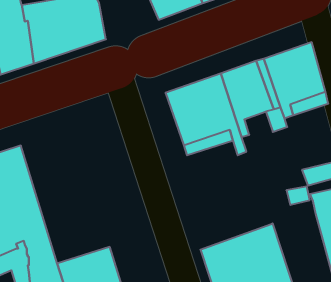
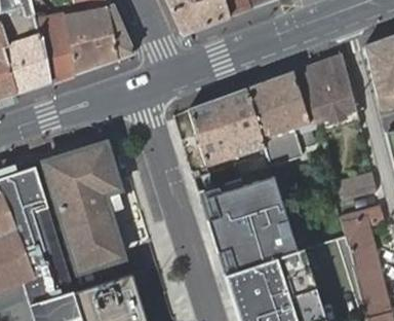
building: none -> [43,142,122,271]
building: none -> [199,177,302,277]

